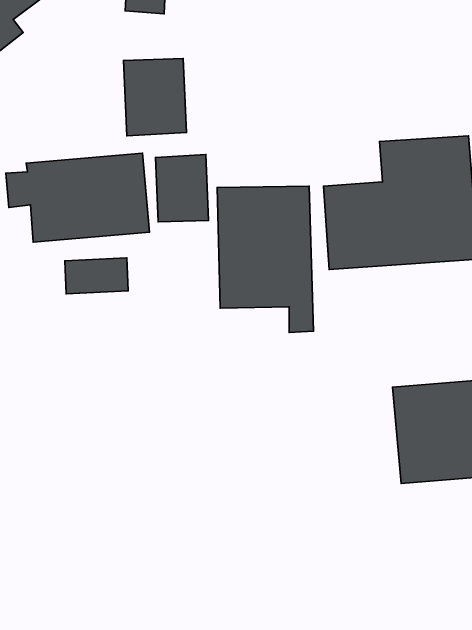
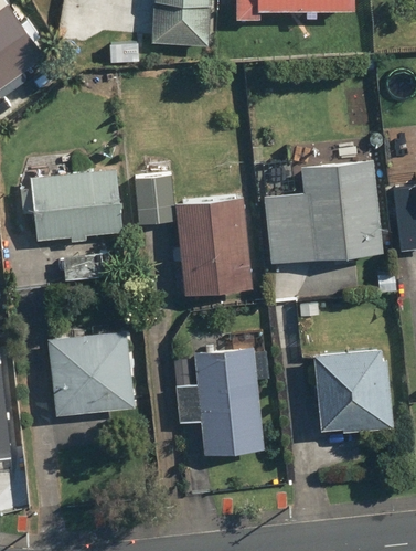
building: [124,59,186,136] -> none
building: none -> [45,326,141,415]
building: none -> [169,345,269,452]

